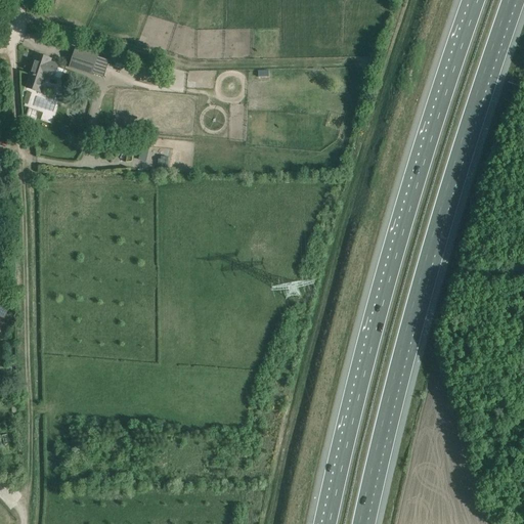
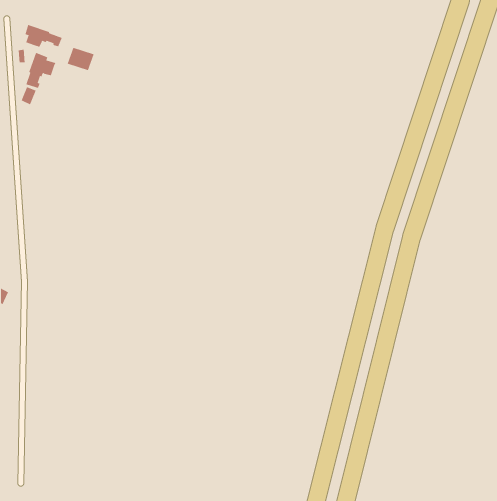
building: none -> [25,24,62,47]

